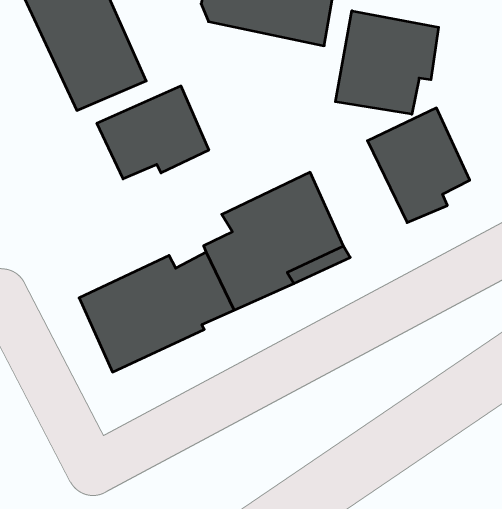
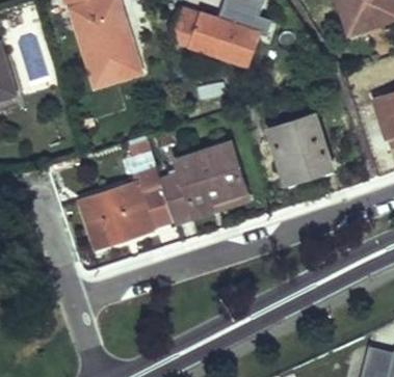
building: [335,11,439,114] -> none
building: [97,86,209,179] -> none

